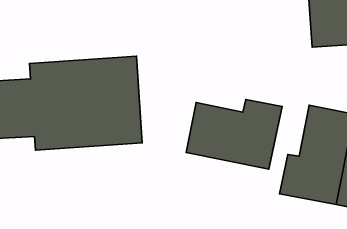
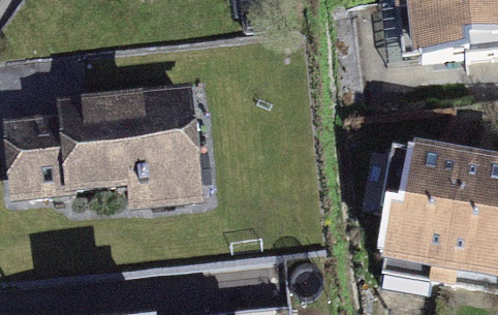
building: [186,100,282,169] -> none

